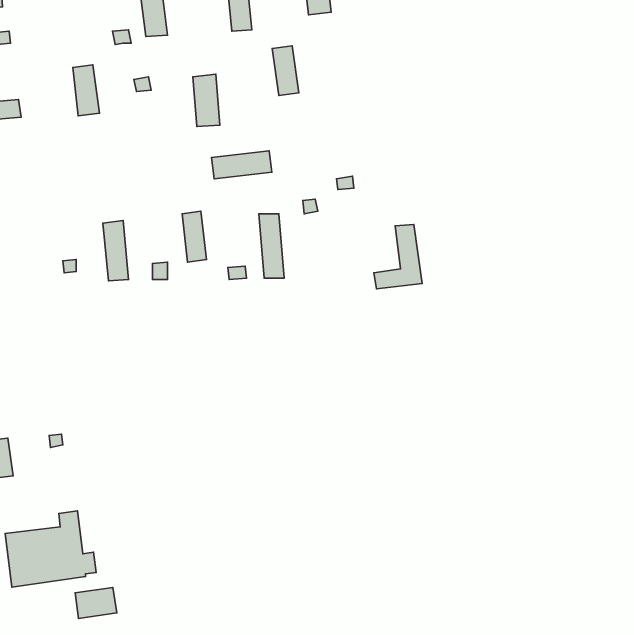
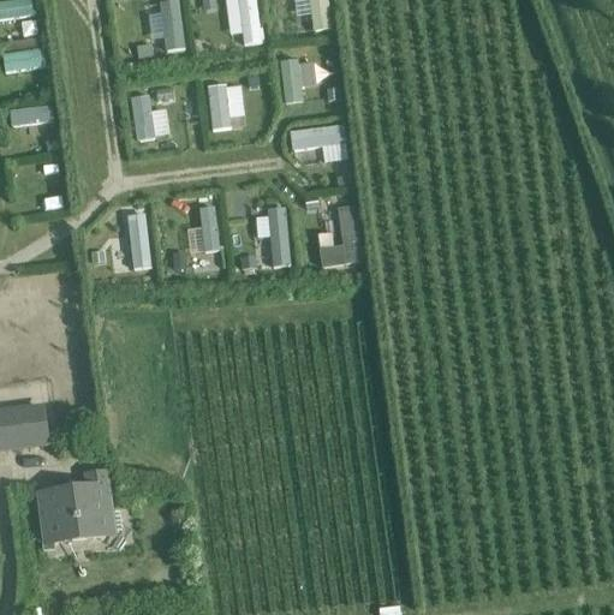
building: [73,65,100,116] -> [130,95,154,141]
building: [211,151,272,179] -> [290,125,344,150]
building: [374,224,422,289] -> [317,205,360,263]
building: [75,588,117,618] -> none

